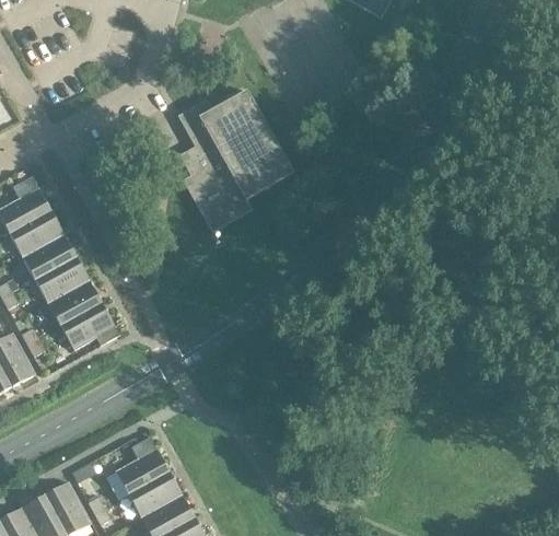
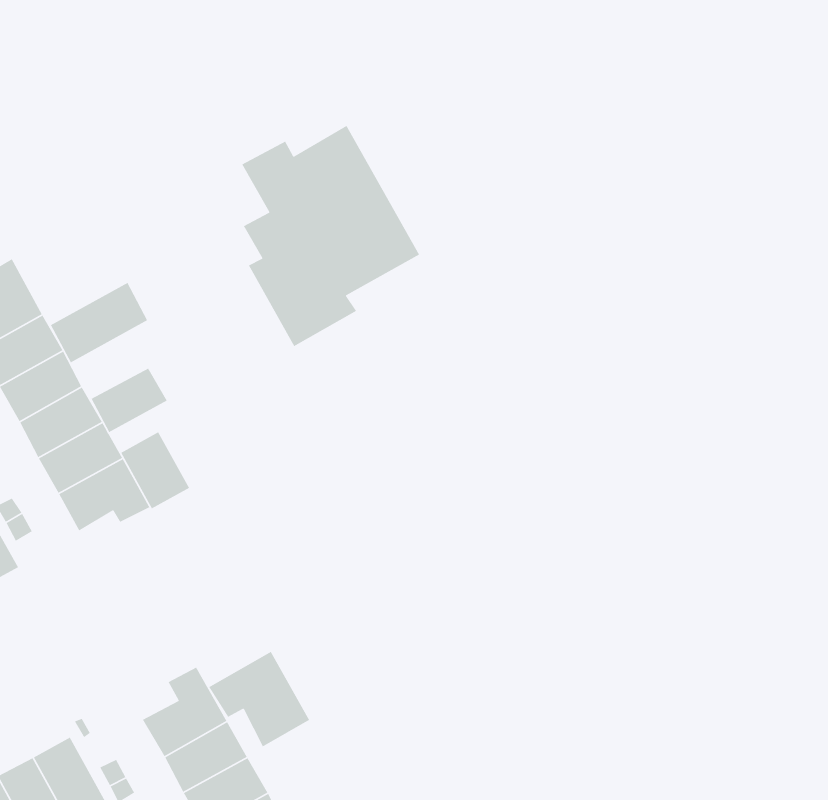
building: none -> [50,282,148,364]
building: none -> [91,367,168,433]
building: none -> [120,431,190,510]
building: none -> [208,651,310,747]

